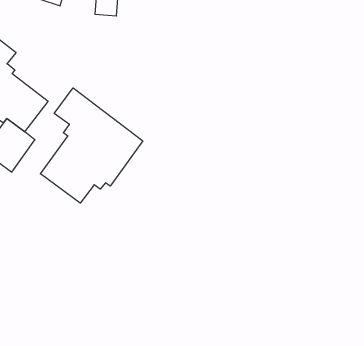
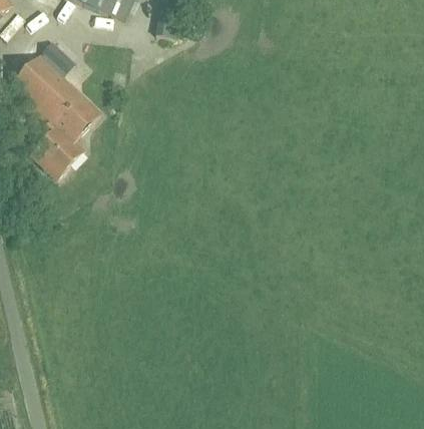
building: [40,88,143,203] -> none

